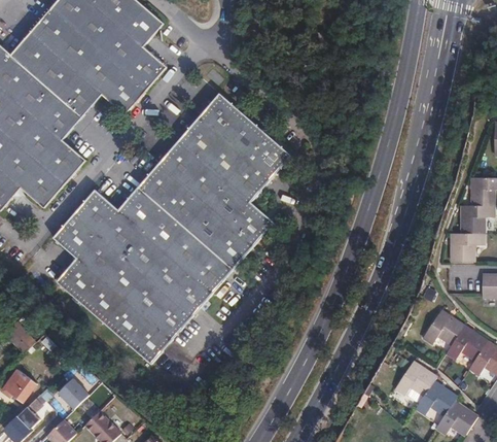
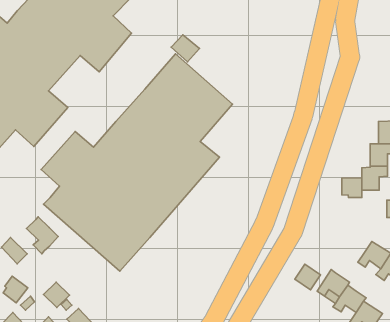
building: none -> [171,35,199,62]
building: none -> [342,178,362,197]
building: none -> [27,217,58,254]
building: [422,310,463,345] -> none
building: none -> [295,264,321,290]

